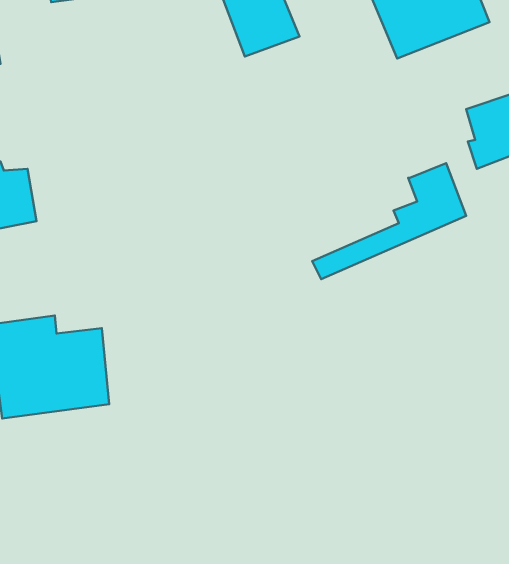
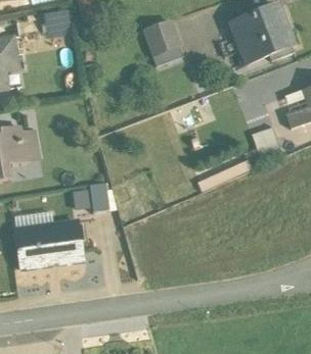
building: none -> [77,182,109,214]

